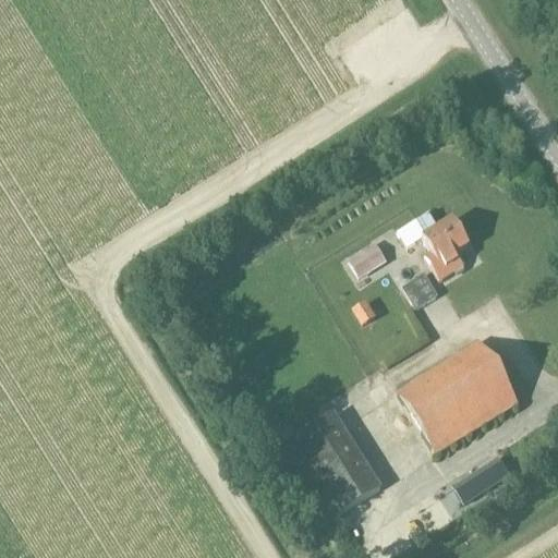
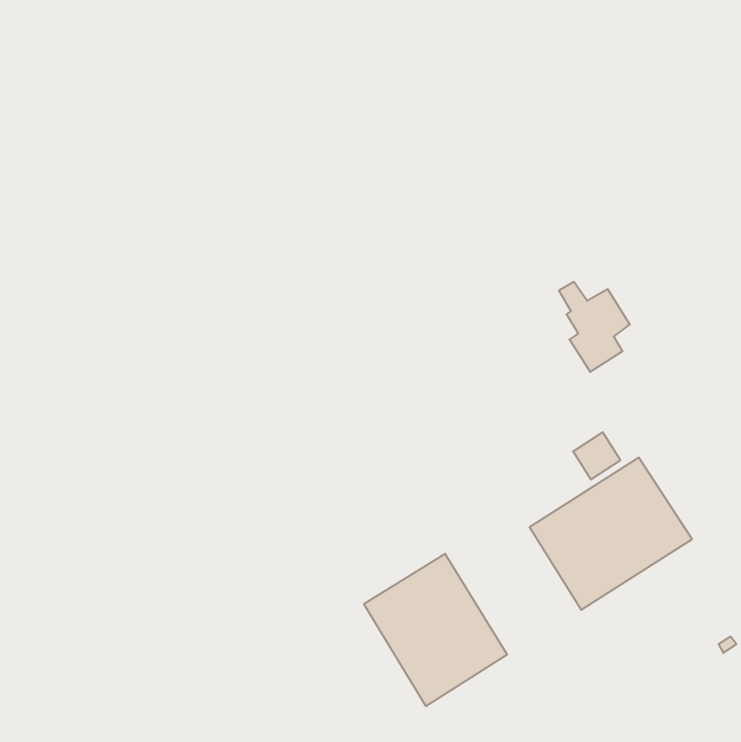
building: [351,240,388,274] -> none
building: [404,271,439,306] -> [573,432,620,480]

